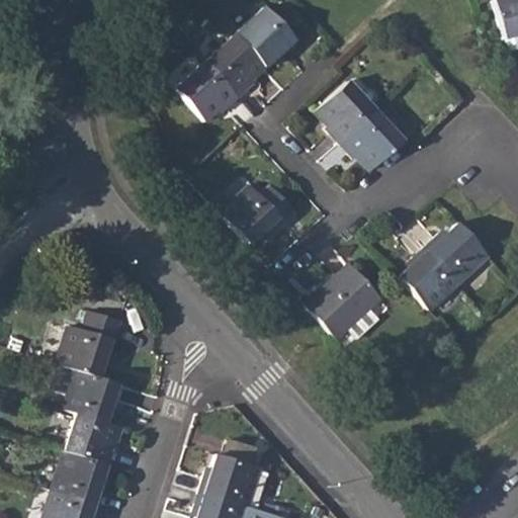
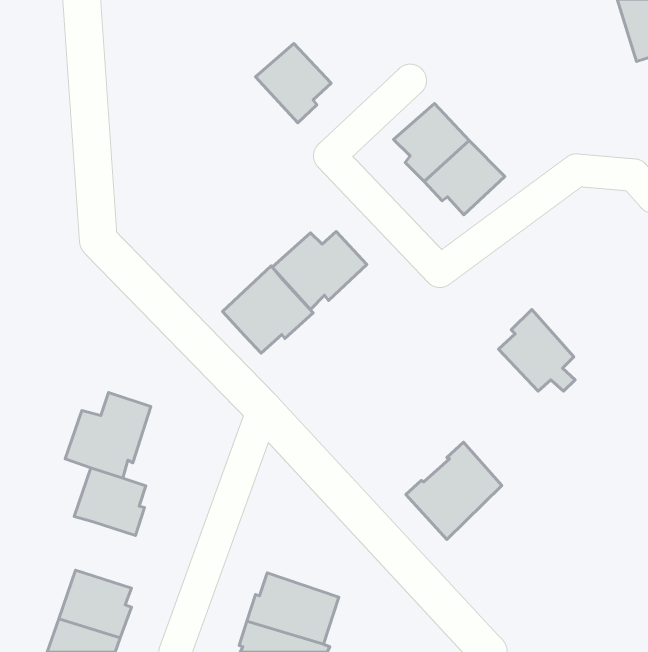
building: [237,7,298,66] -> none
building: [177,61,240,121] -> none
building: none -> [223,266,313,353]
building: [425,222,489,282] -> none
building: [305,262,380,339] -> [406,442,502,539]
building: [64,413,124,465] -> none

